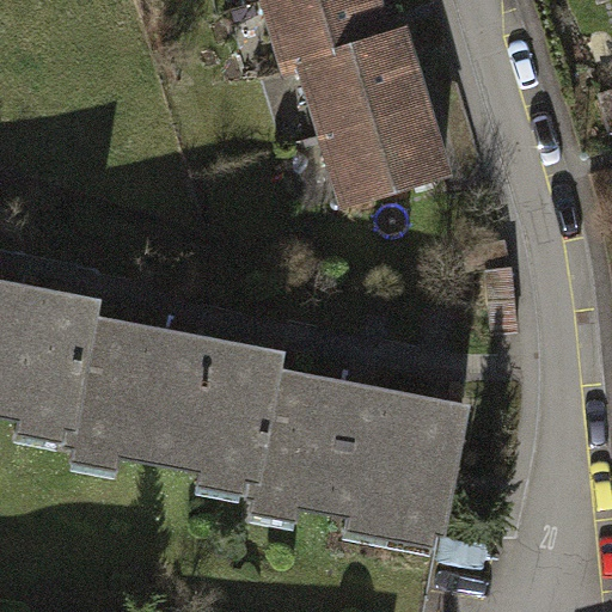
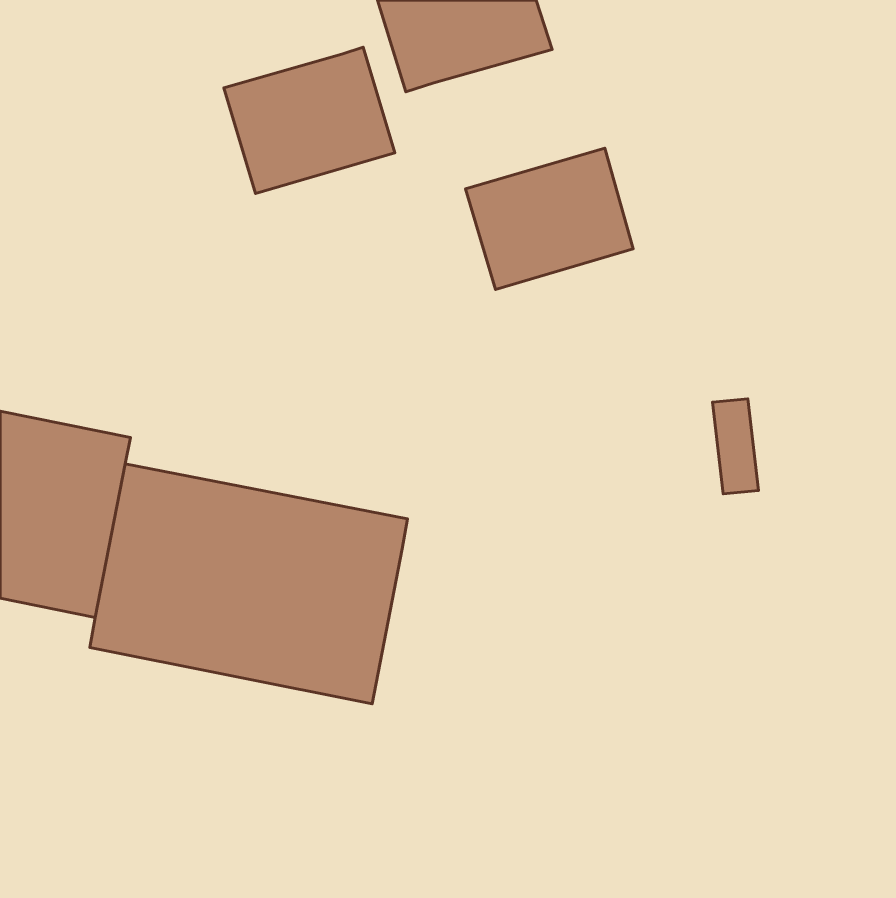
building: [298,31,414,130] -> [224,47,395,194]
building: [252,374,465,532] -> none

